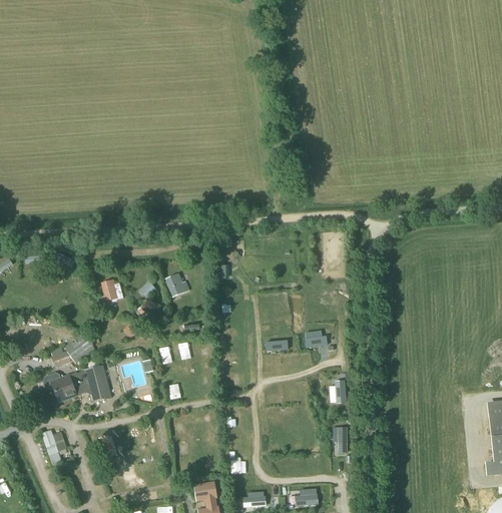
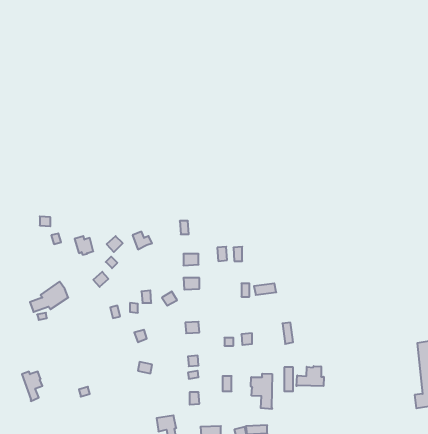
building: [43,366,110,402] -> none
building: none -> [296,366,324,386]
building: none -> [251,374,272,409]

